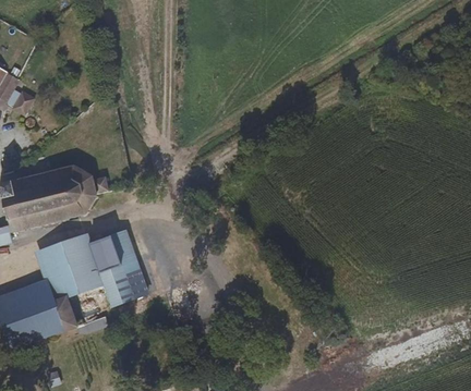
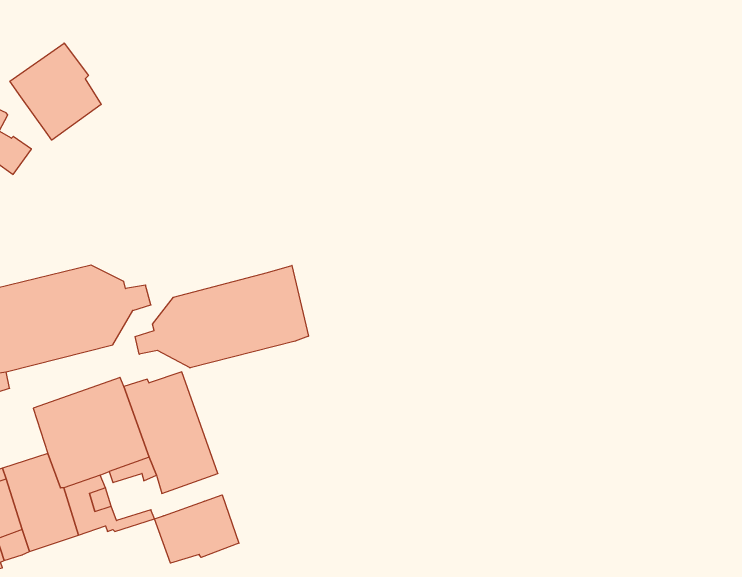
building: none -> [10,43,101,140]
building: none -> [135,265,308,368]
building: none -> [155,495,239,563]

